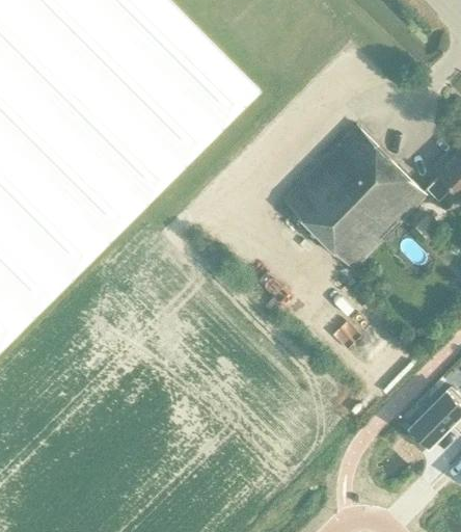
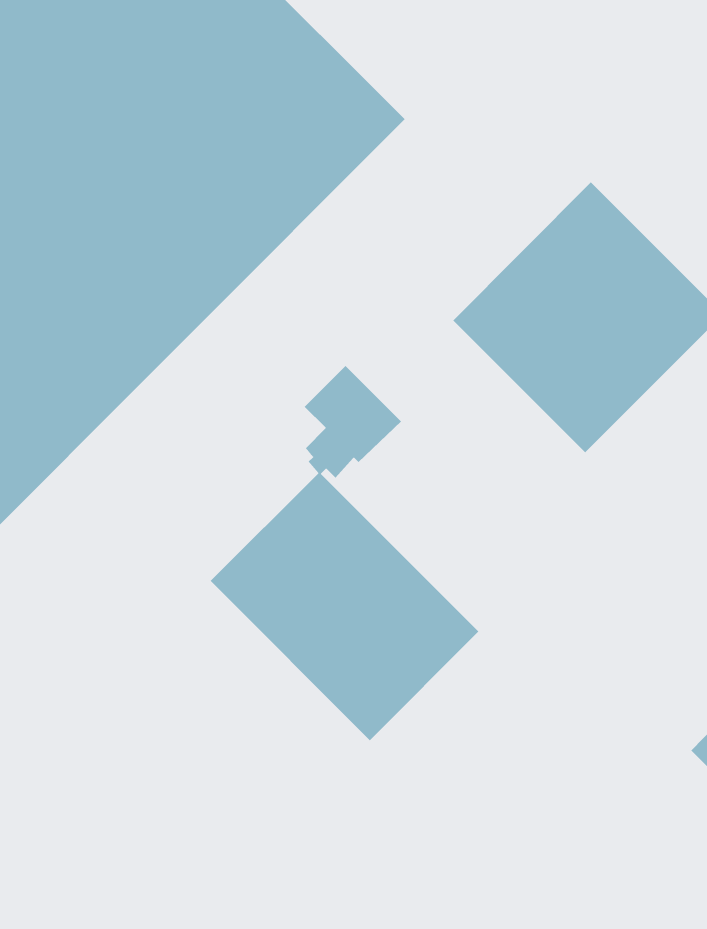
building: none -> [210,365,479,741]

